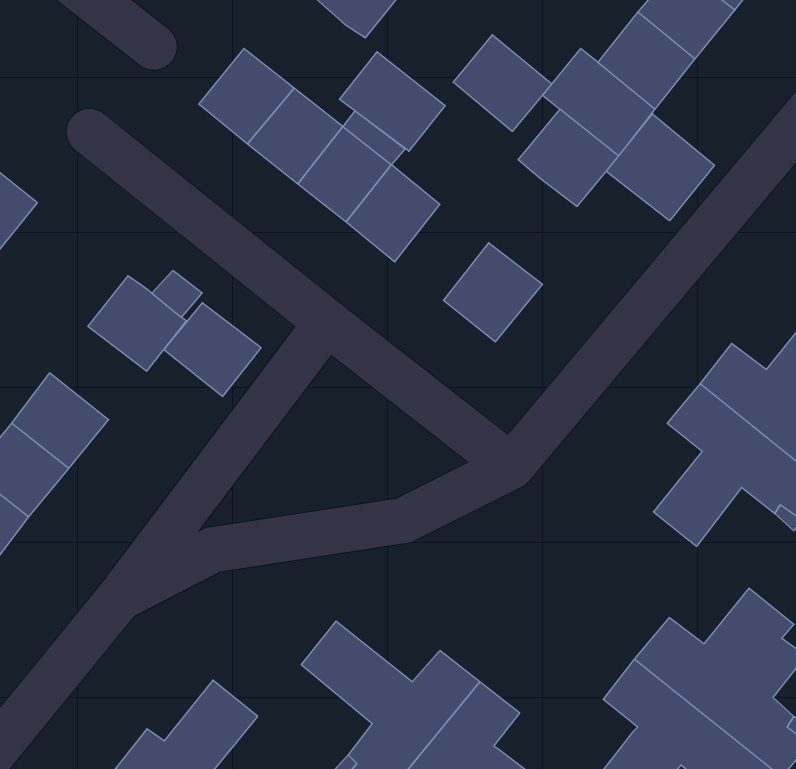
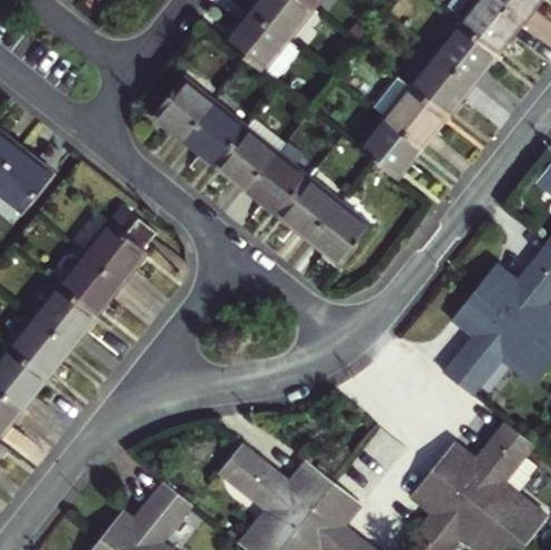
building: [453,35,552,131] -> none
building: [340,52,445,151] -> none
building: [606,114,714,221] -> none
building: none -> [279,179,339,240]
building: [164,303,261,396] -> [59,256,121,316]

